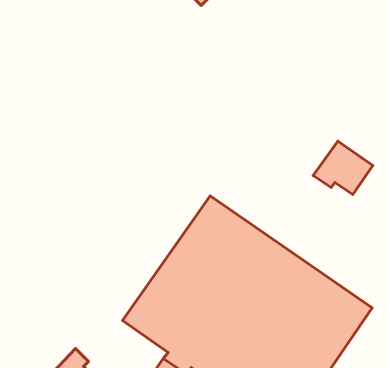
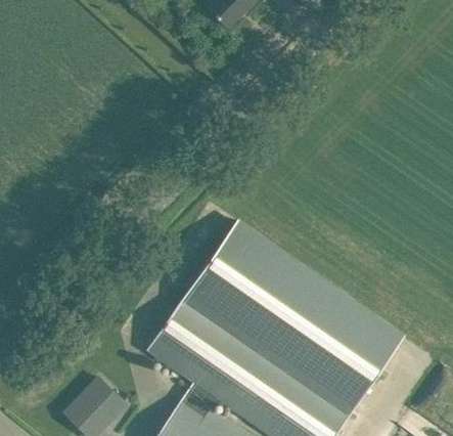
building: [313,141,373,194] -> none

